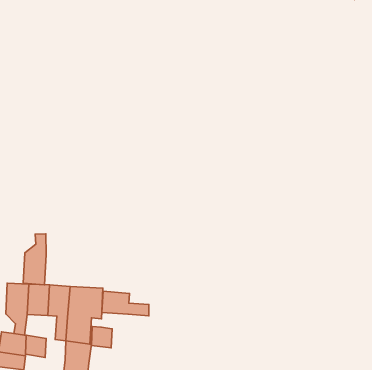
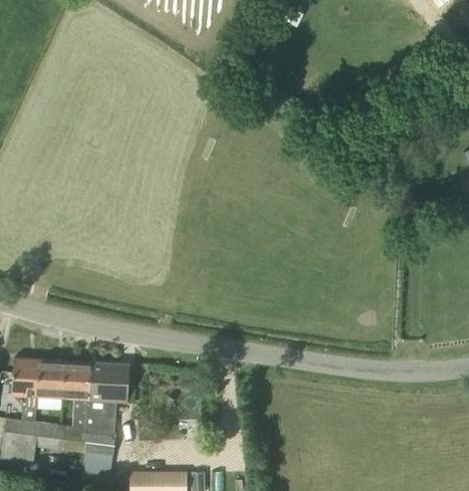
building: [23,234,46,285] -> none
building: [102,291,149,316] -> none
building: [91,326,112,348] -> [59,426,84,452]

